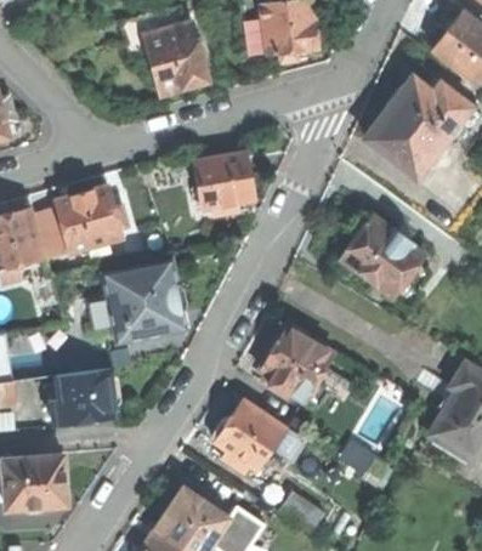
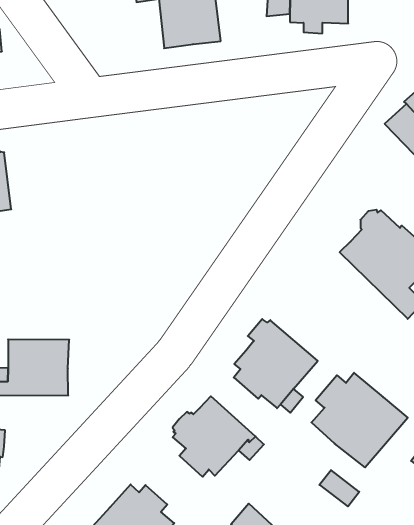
building: [194,154,254,217] -> none
building: [56,187,127,252] -> none
building: [102,261,187,342] -> none
building: none -> [311,373,408,467]

